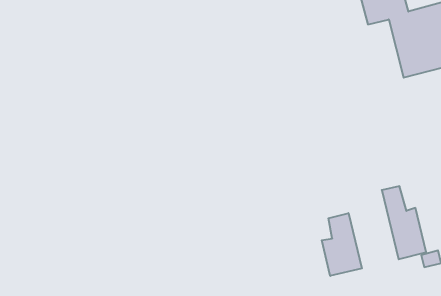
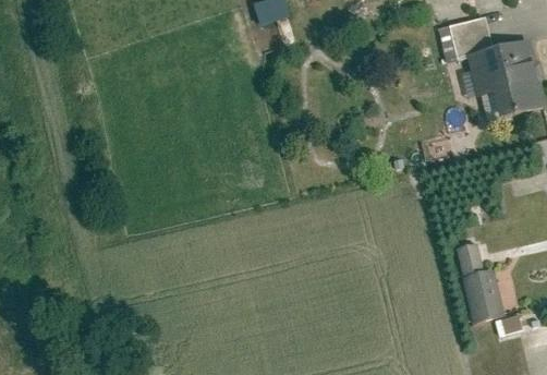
building: [322,213,362,276] -> none

